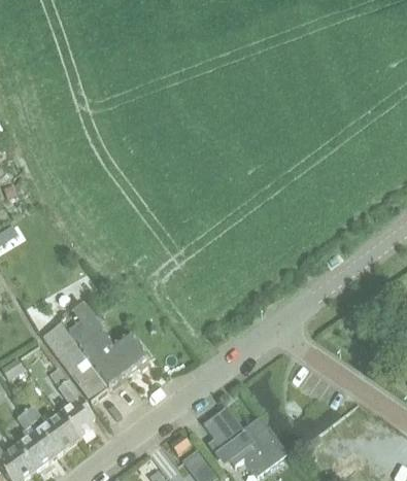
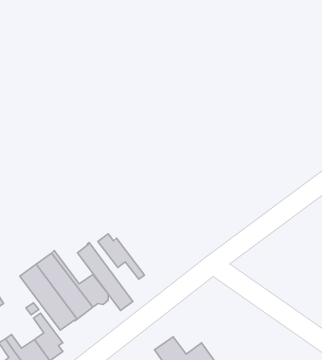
building: none -> [98,234,144,279]
building: none -> [78,243,133,311]

